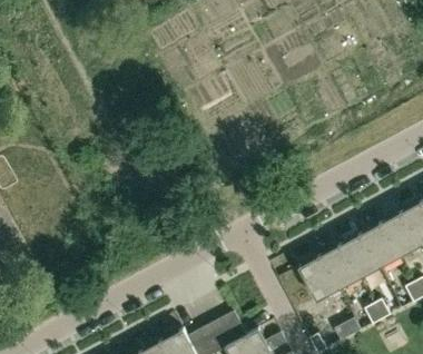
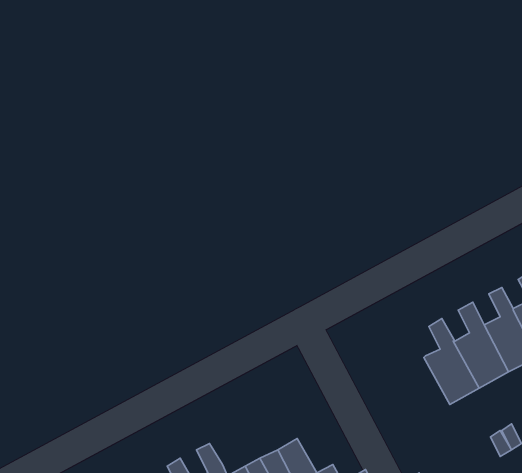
building: [301,240,340,299] -> none

